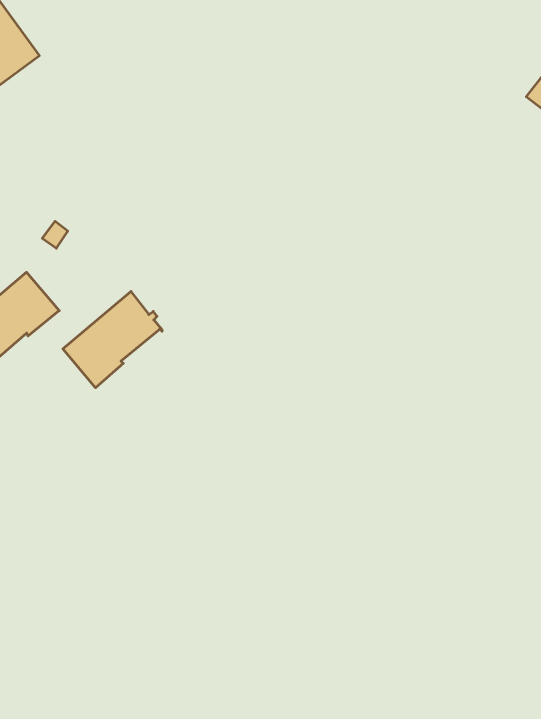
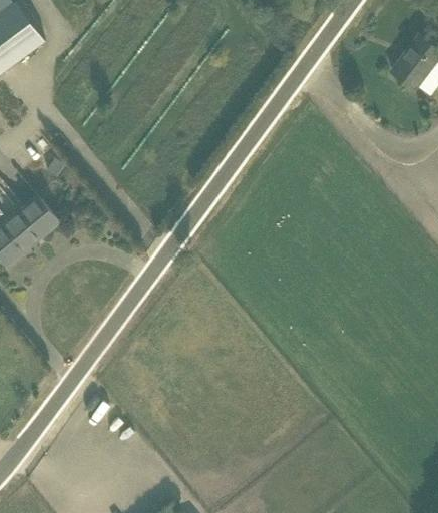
building: [63,291,162,388] -> none

